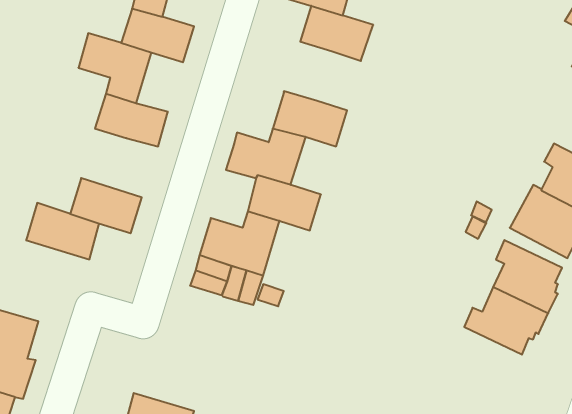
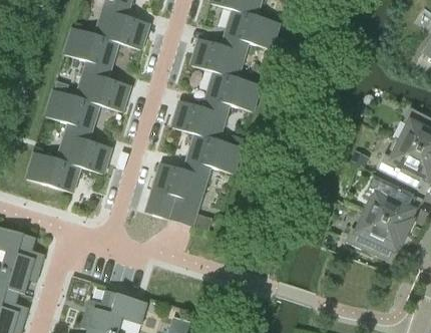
building: none -> [190,34,249,77]
building: none -> [45,90,99,140]

